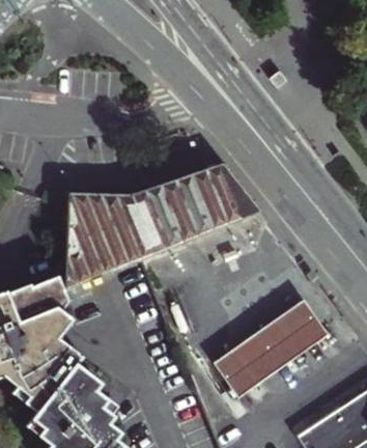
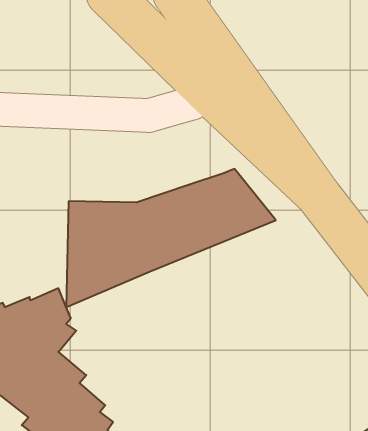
building: [210,300,326,397] -> none

